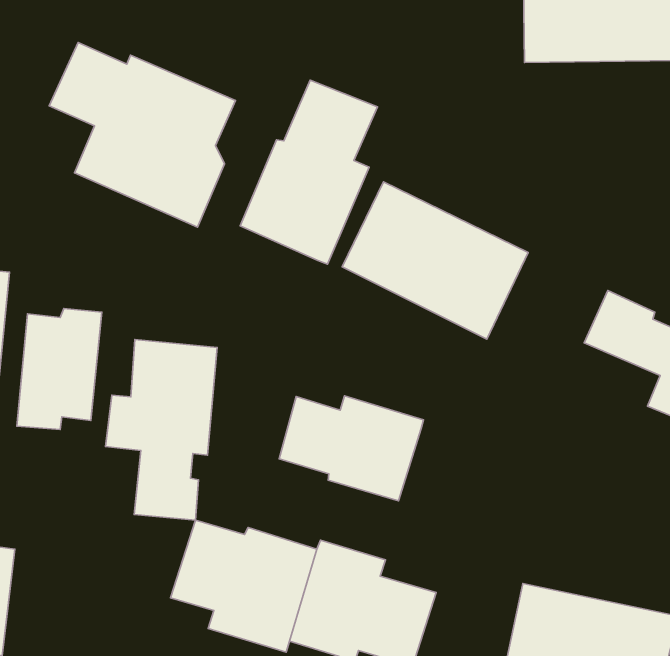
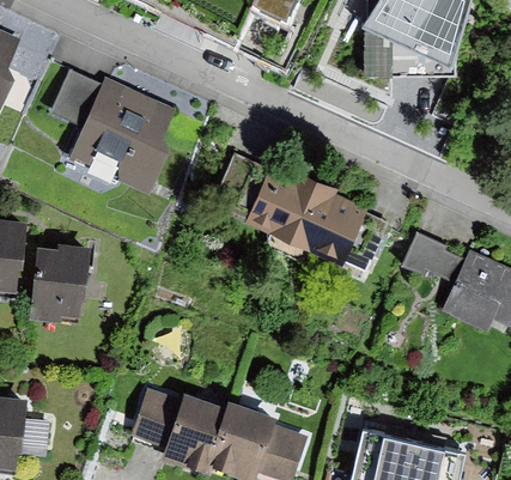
building: [240,80,377,264] -> none
building: [105,340,217,520] -> none
building: [279,396,423,501] -> none

